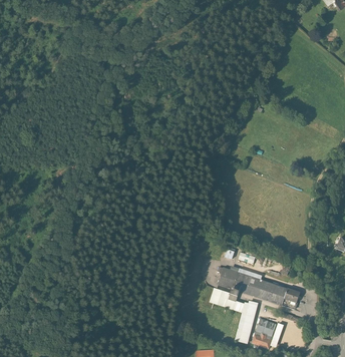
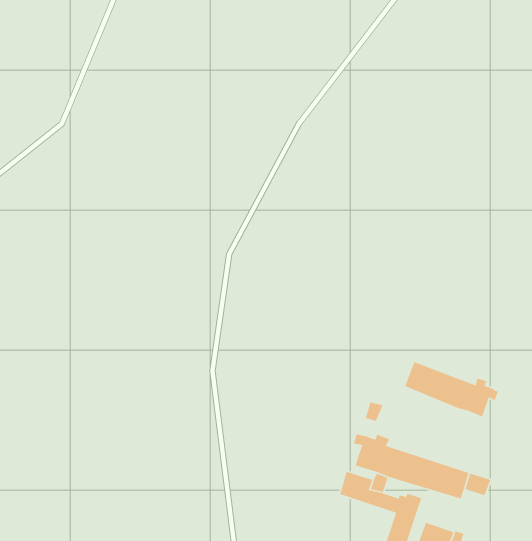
building: none -> [404,361,499,417]

